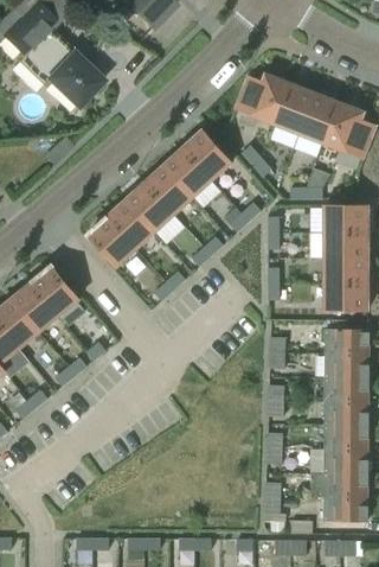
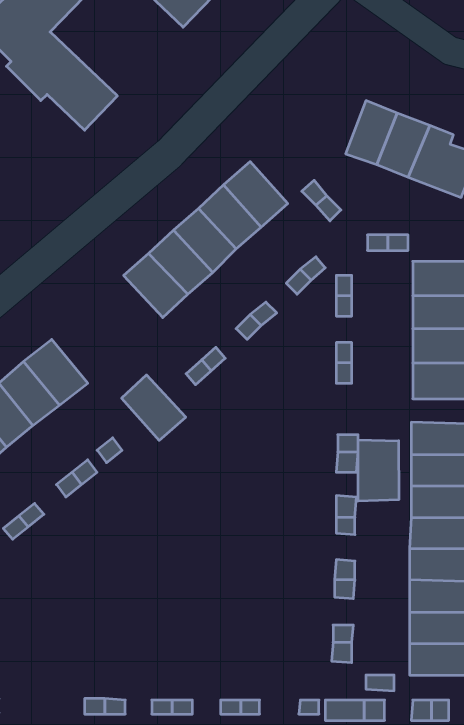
building: [236,76,290,125] -> none
building: [88,217,136,267] -> [122,375,186,440]
building: none -> [358,440,399,501]

